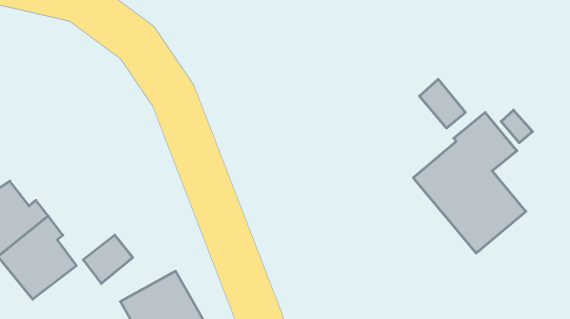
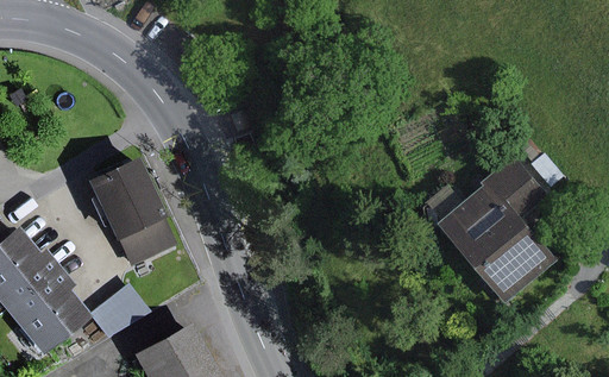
building: [419,79,465,128] -> none
building: none -> [83,157,175,265]

